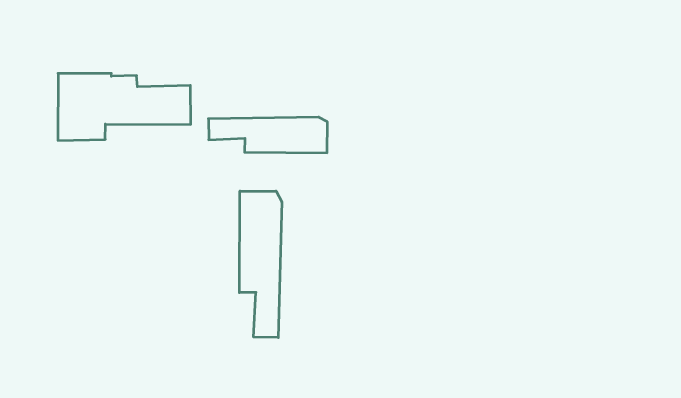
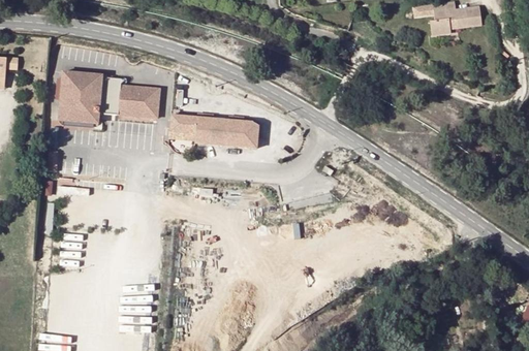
building: [239,191,282,338] -> none

